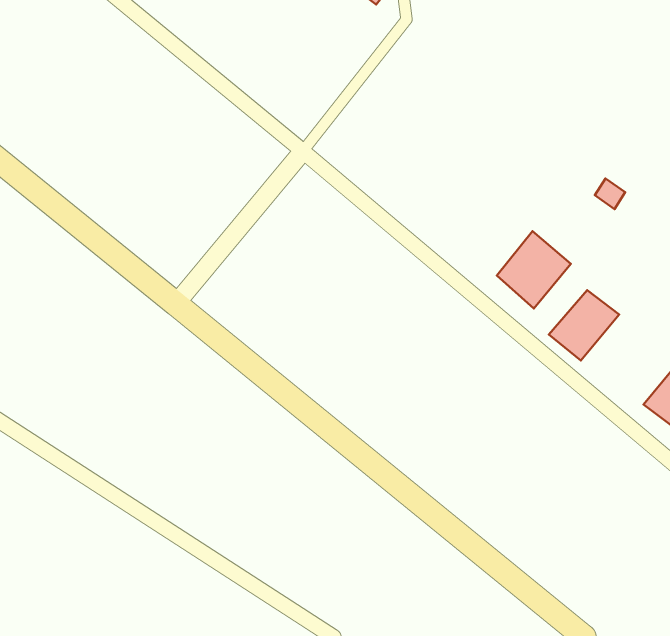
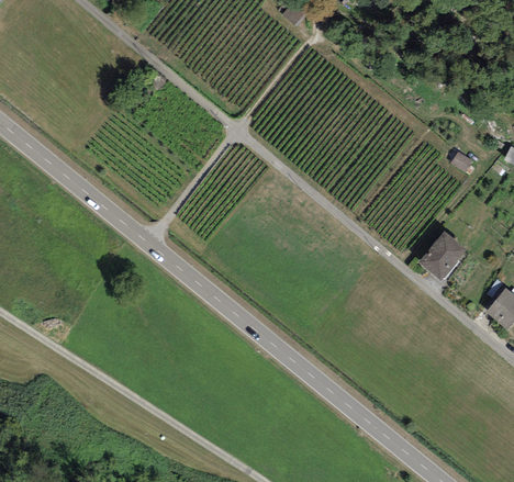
building: [497,231,571,309] -> none

